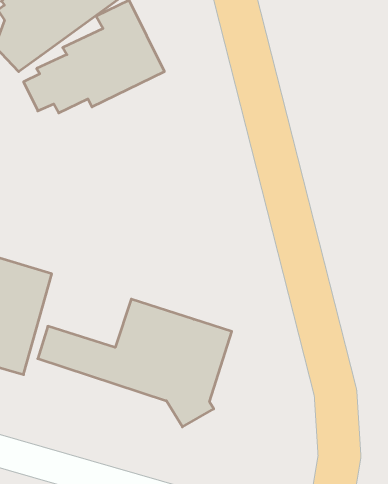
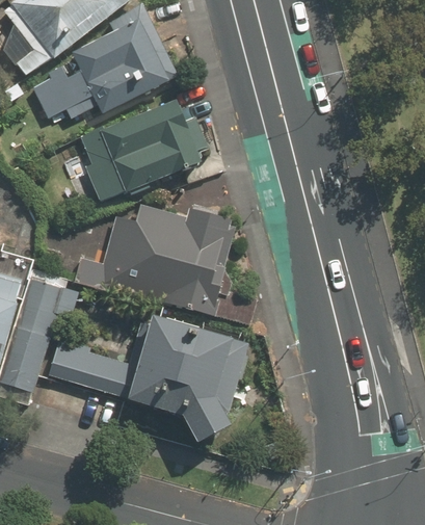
building: none -> [77,101,207,201]
building: none -> [74,200,231,317]

